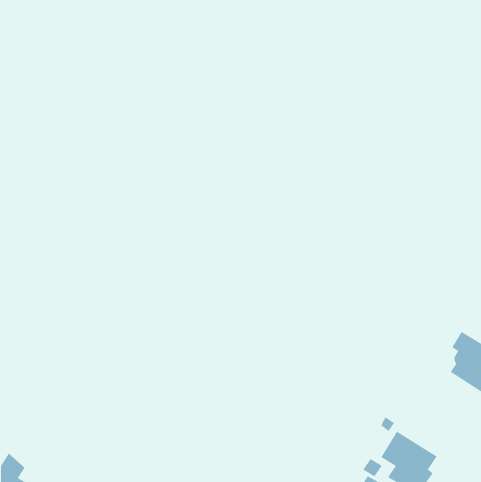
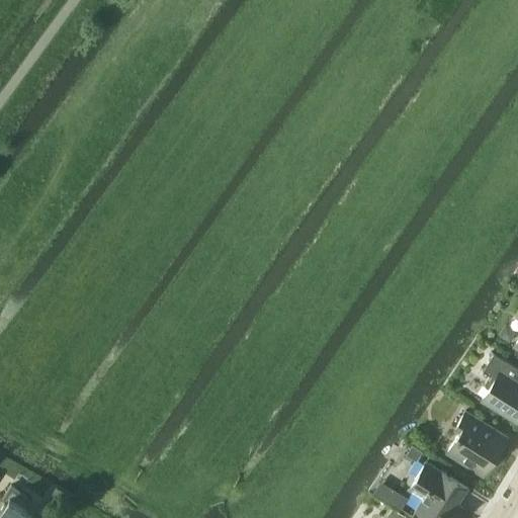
building: none -> [450,413,510,477]

